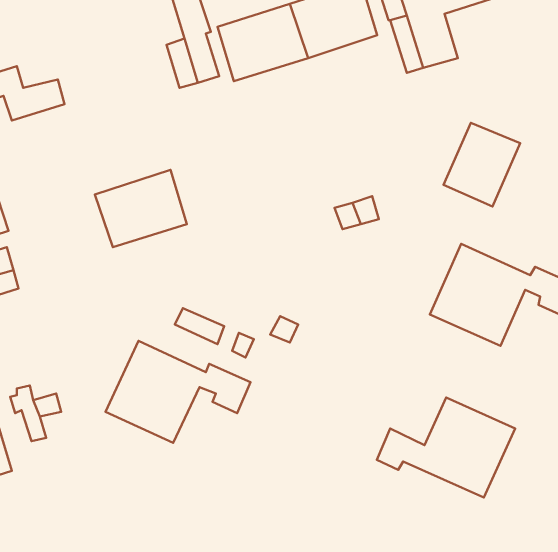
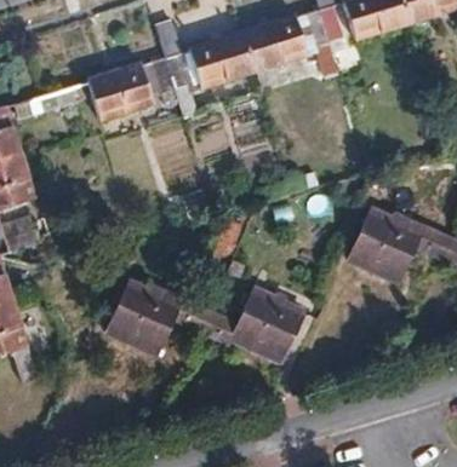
building: [444,123,520,207] -> none
building: [95,170,187,247] -> [86,64,154,121]
building: [377,397,515,498] -> [204,288,305,362]

